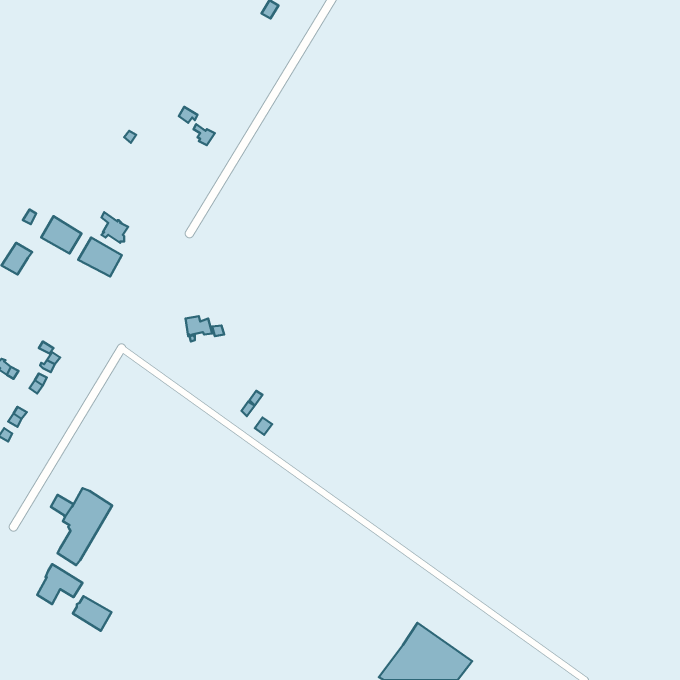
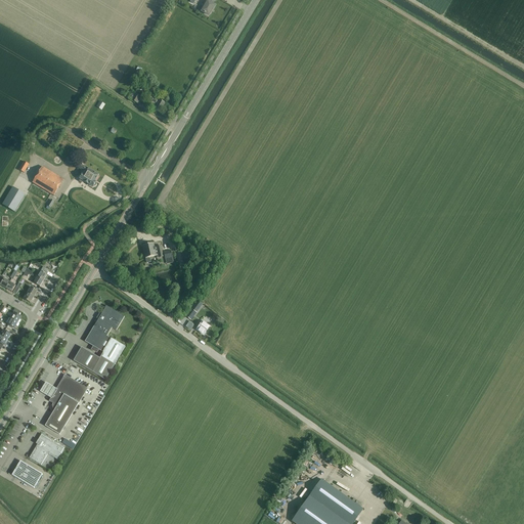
building: [78,238,122,277] -> none
building: none -> [73,305,124,379]
building: [73,596,112,631] -> [11,461,41,487]

